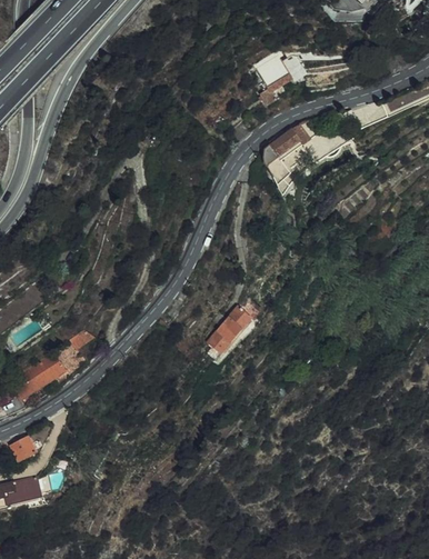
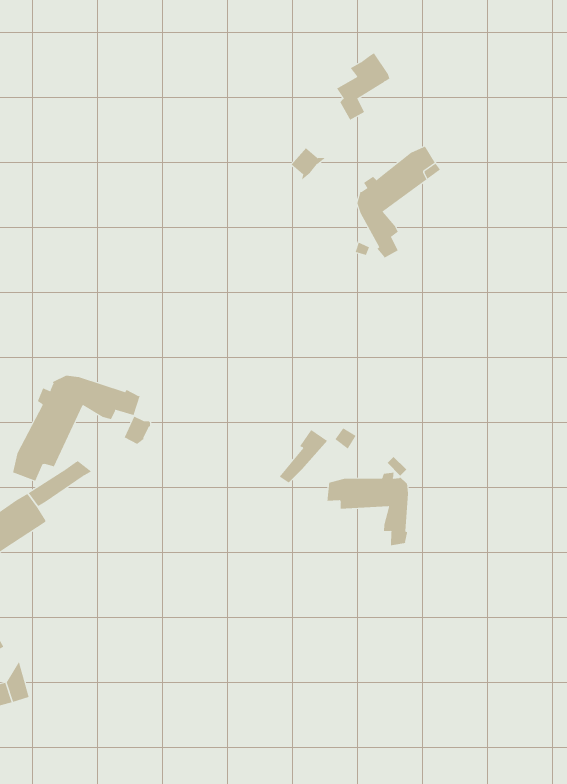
building: none -> [12,375,141,481]
building: none -> [327,472,409,546]

